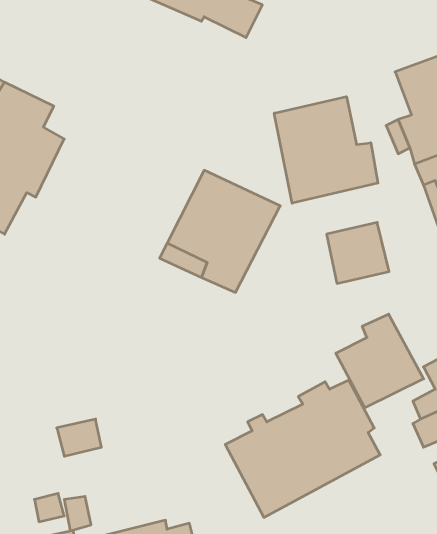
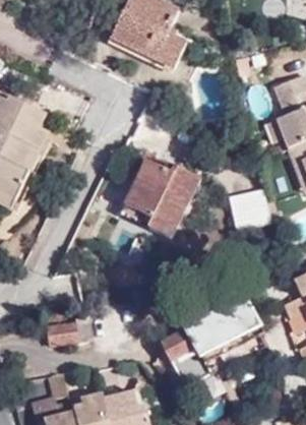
building: [274,97,378,203] -> none
building: [336,314,424,408] -> none

